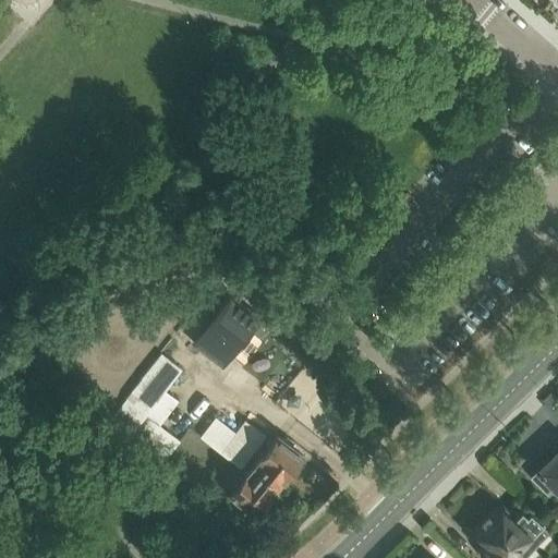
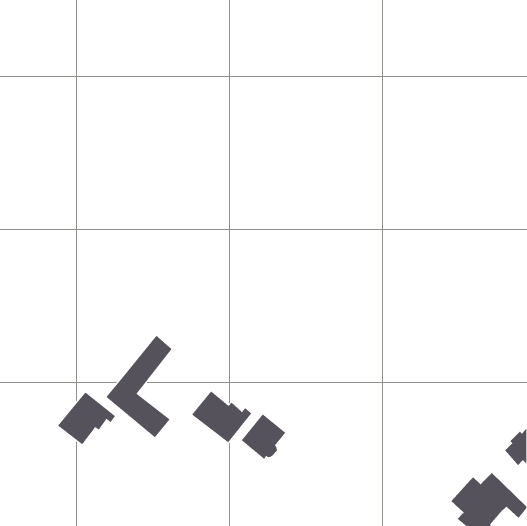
building: [193,296,259,368] -> none
building: none -> [57,392,116,445]
building: [231,466,279,515] -> none

